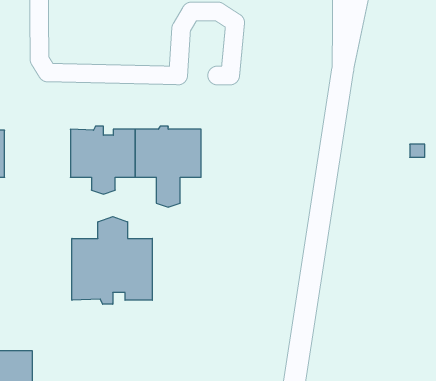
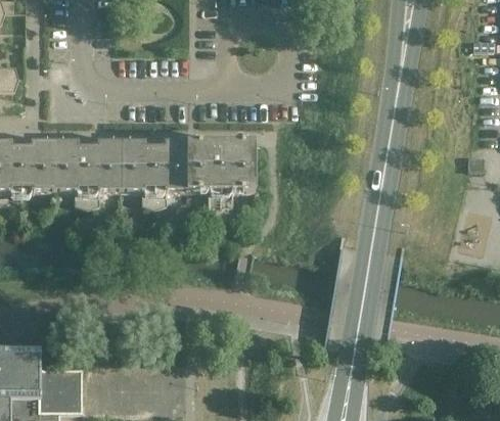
building: none -> [51,136,119,205]
building: [72,217,152,304] -> none

